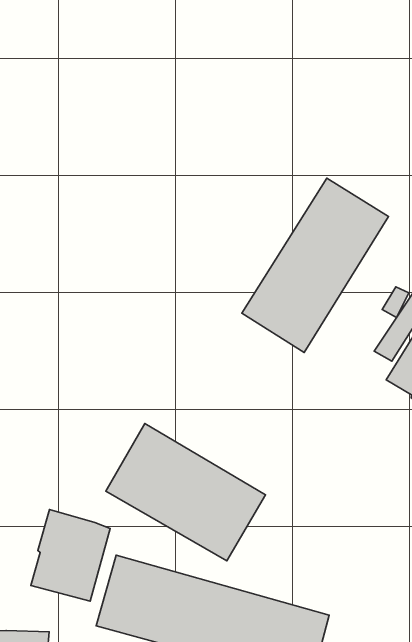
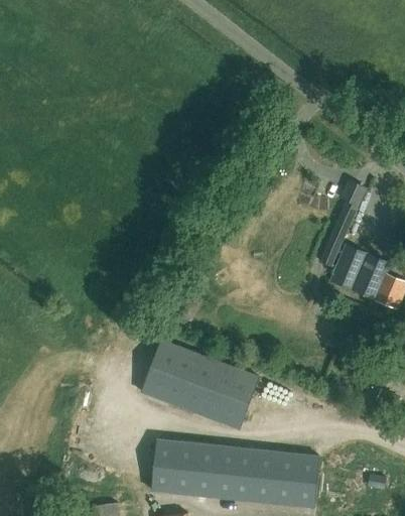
building: [242,178,389,352] -> none
building: [31,509,110,601] -> none

